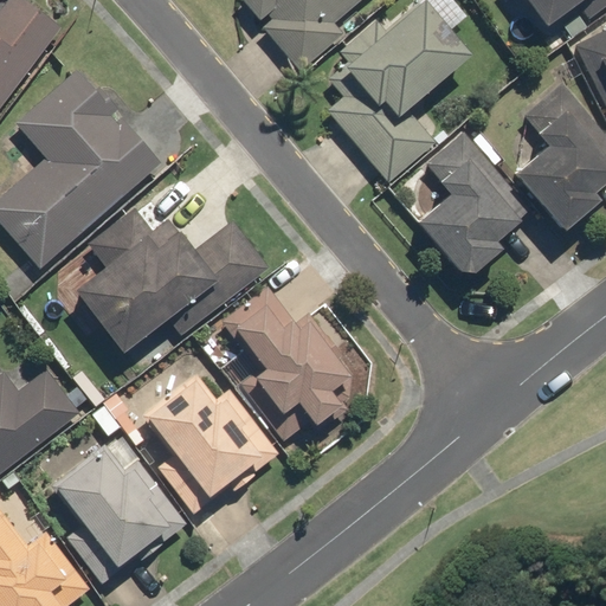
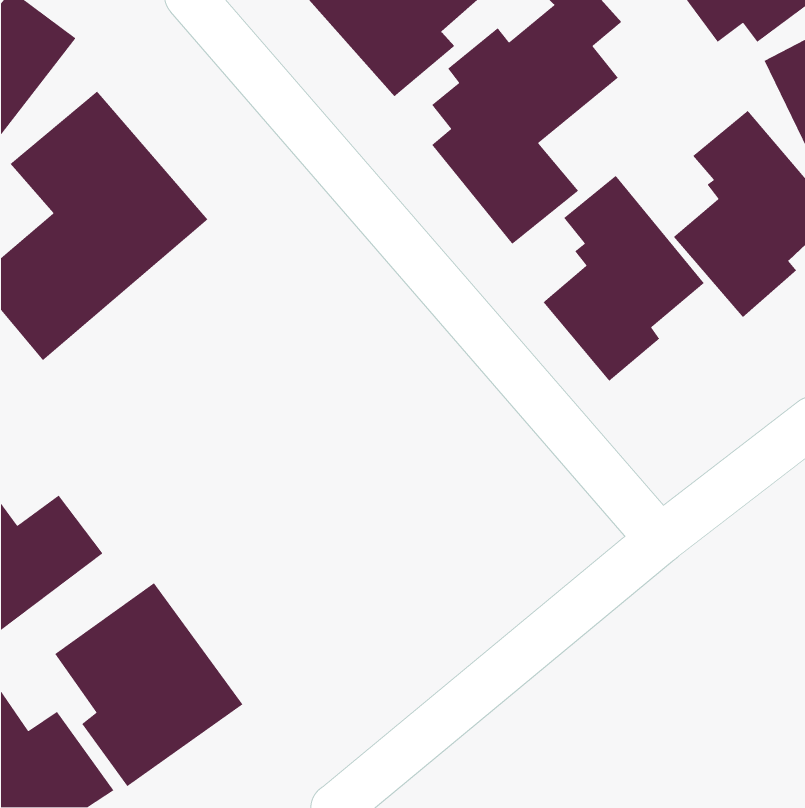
building: [67,206,271,360] -> none
building: [219,285,354,443] -> none
building: [137,372,278,517] -> none

